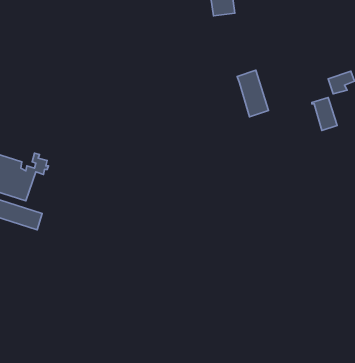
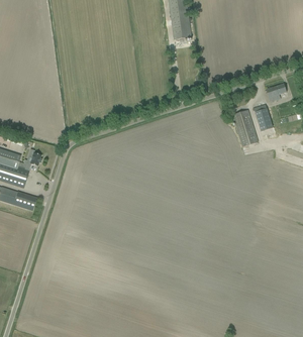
building: [237,70,269,117] -> [232,108,258,145]

